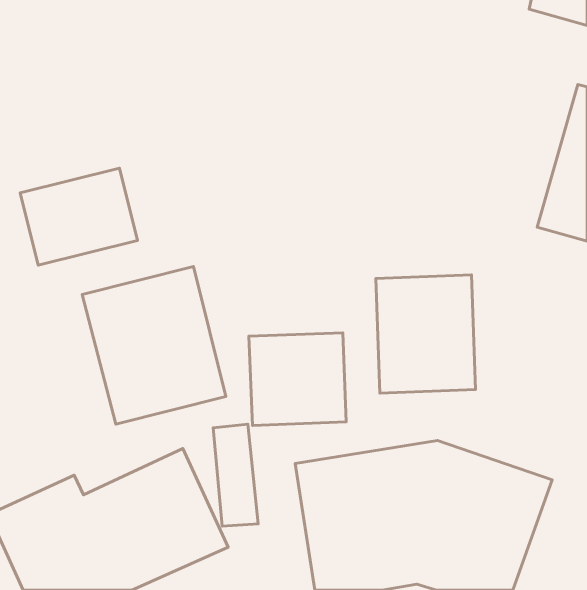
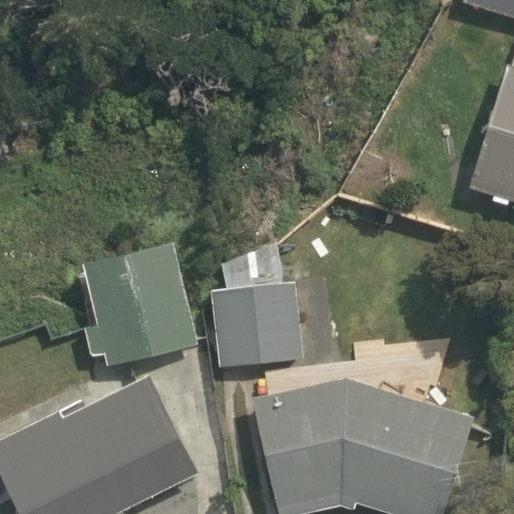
building: [20,168,138,265] -> none
building: [376,275,476,393] -> none

